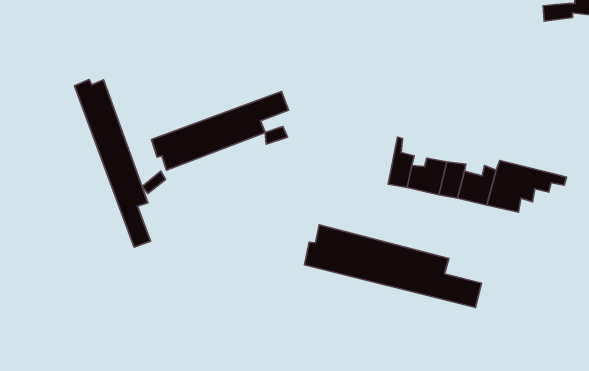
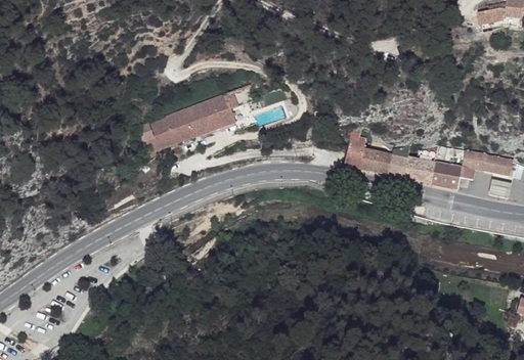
building: [75,80,150,247] -> none
building: [304,225,482,308] -> none

